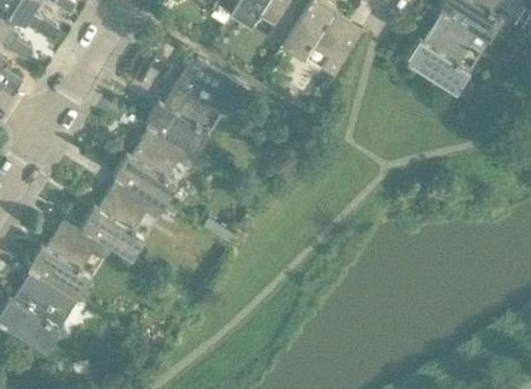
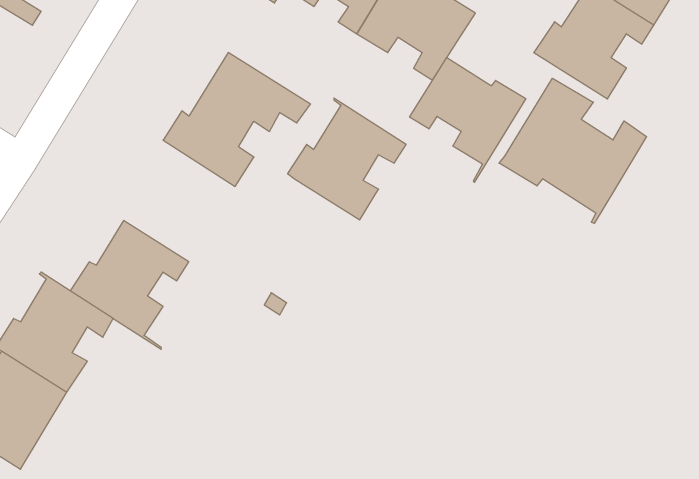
building: none -> [410,58,526,182]
building: none -> [499,78,647,223]
building: [113,122,196,208] -> [288,98,406,220]

